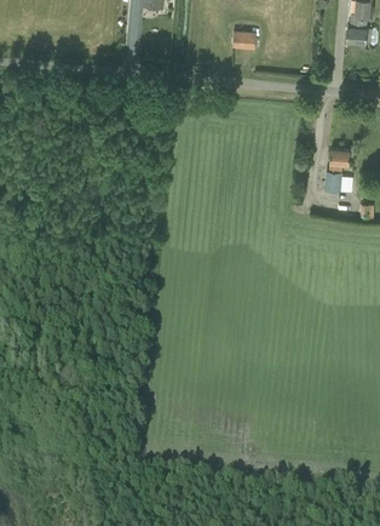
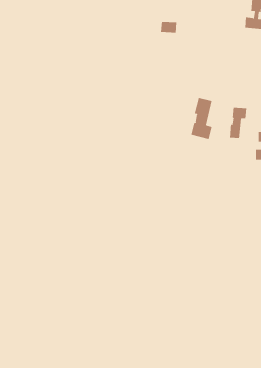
building: none -> [191,97,212,140]

